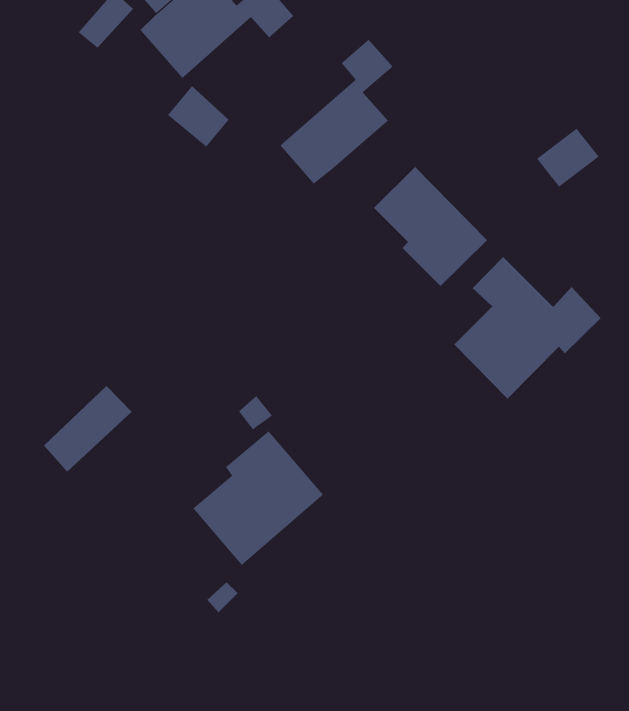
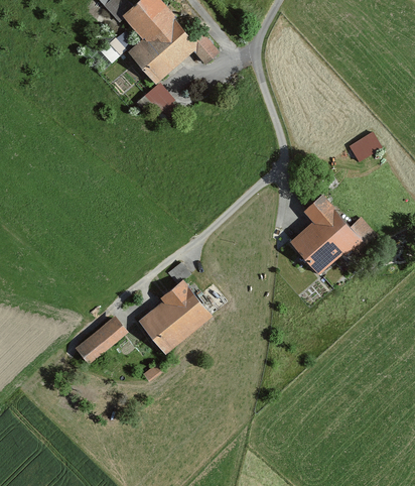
building: [279,39,393,185] -> none
building: [373,166,488,287] -> none
building: [43,385,133,472] -> [75,317,126,363]

